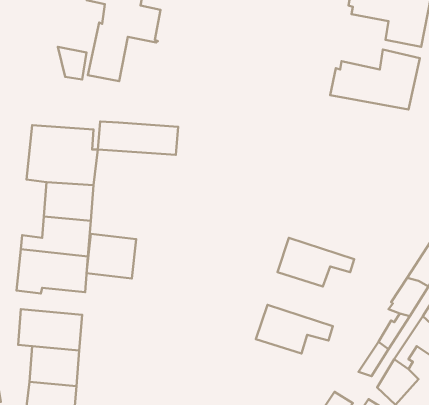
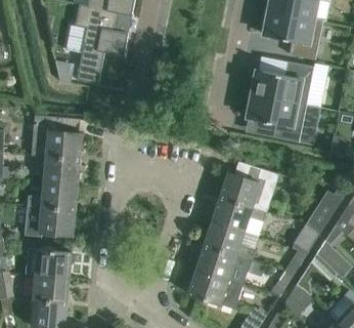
building: none -> [247,94,306,141]
building: [98,121,178,155] -> none
building: none -> [220,162,279,212]
building: [87,234,136,278] -> none
building: none -> [205,221,256,260]
building: none -> [188,270,244,310]

